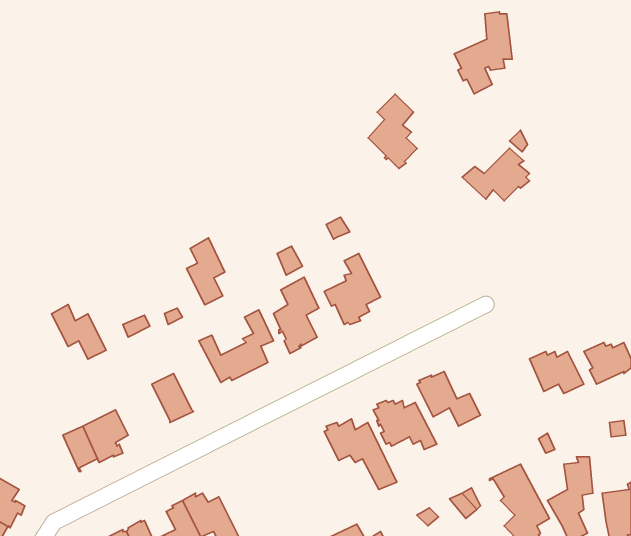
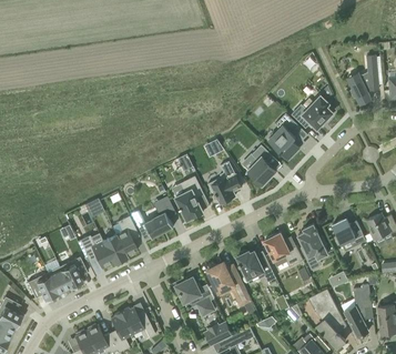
building: [454,12,512,94] -> [347,55,383,105]
building: [368,94,417,169] -> [268,113,298,159]
building: none -> [248,146,277,185]
building: [187,238,225,305] -> [114,215,138,256]
building: [52,305,106,359] -> [79,235,112,269]
building: none -> [297,224,327,269]
building: none -> [27,272,57,301]
building: none -> [171,277,214,316]

